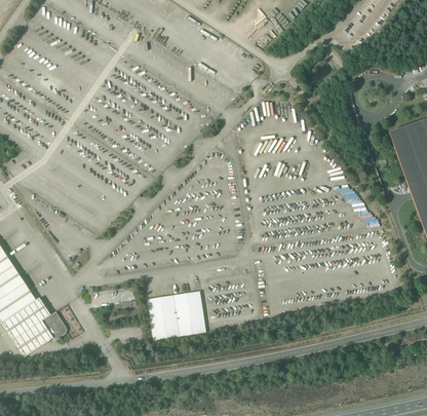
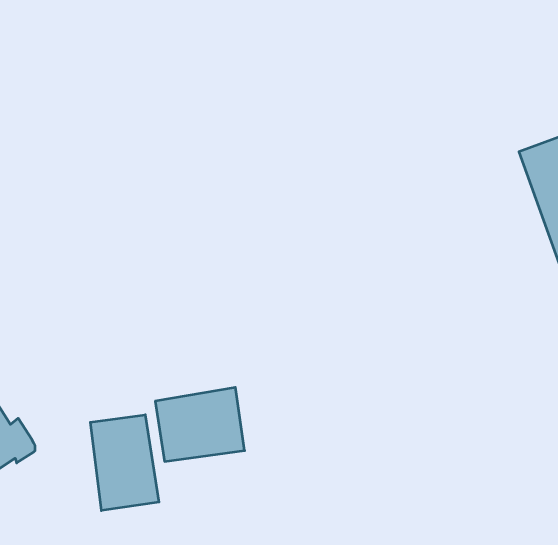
building: none -> [90,415,159,511]

